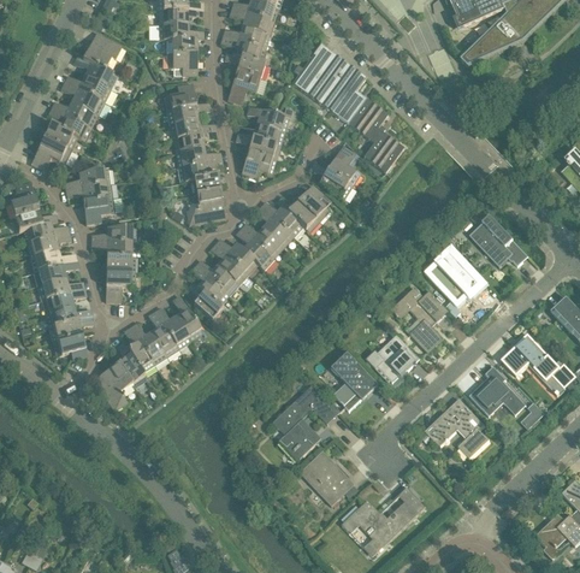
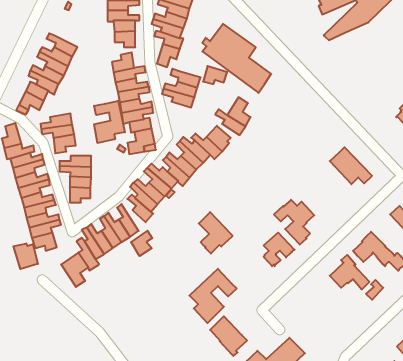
building: [83,33,122,70] -> none
building: [363,128,404,172] -> none
building: none -> [94,101,125,143]
building: [242,152,276,177] -> [203,66,227,84]
building: [433,248,480,303] -> none
building: none -> [131,231,152,256]
building: none -> [13,243,38,269]
building: [332,353,379,410] -> [199,212,232,254]
building: [425,398,487,456] -> none

